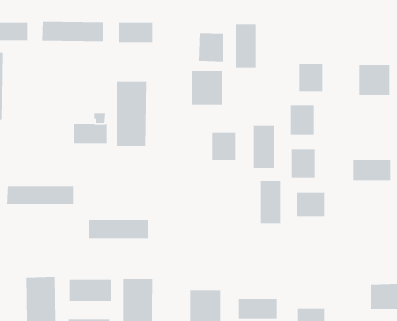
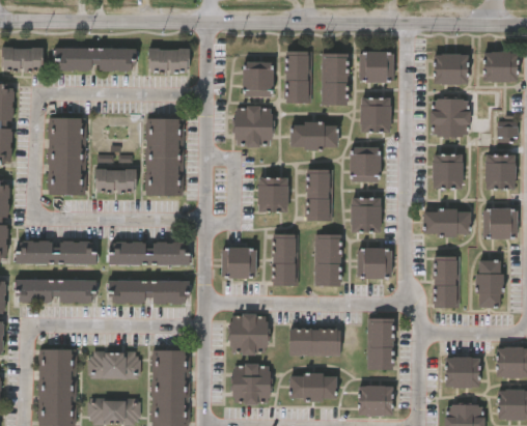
building: none -> [359,52,393,82]
building: none -> [322,53,346,106]
building: none -> [434,54,467,84]
building: none -> [49,118,85,196]
building: none -> [292,122,337,148]
building: none -> [433,154,463,189]
building: none -> [273,235,299,287]
building: none -> [109,243,190,265]
building: none -> [222,249,255,279]
building: none -> [434,257,460,308]
building: none -> [20,280,91,304]
building: none -> [230,314,268,353]
building: none -> [367,319,392,370]
building: none -> [289,330,341,354]

